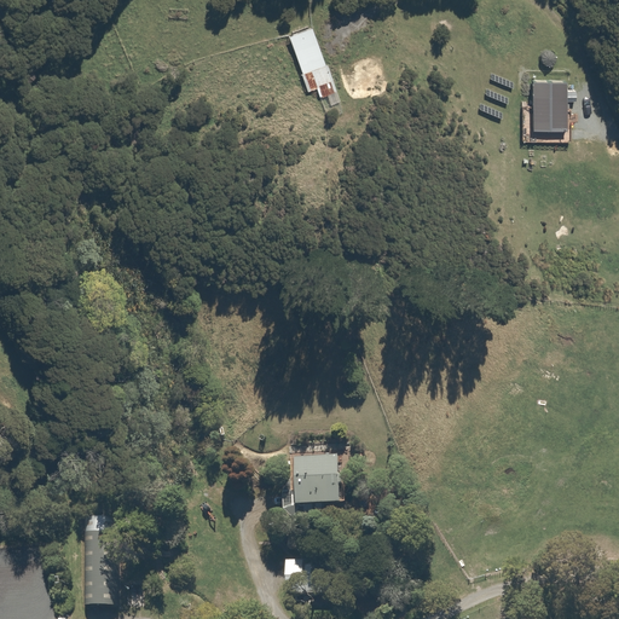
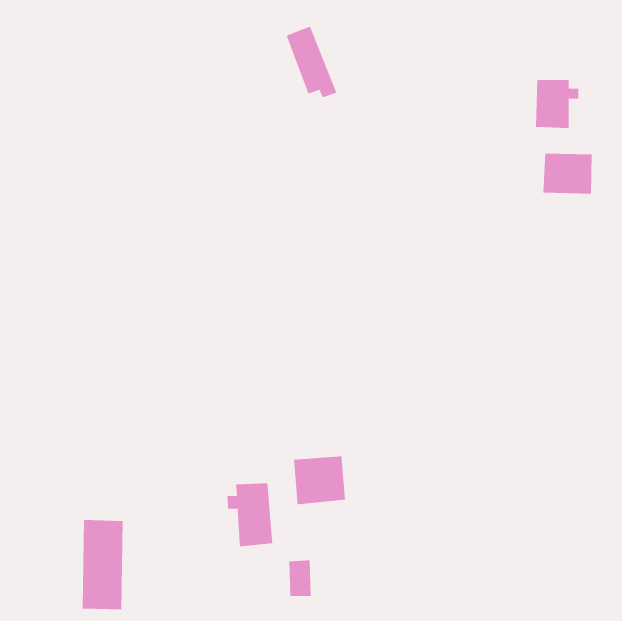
building: none -> [543,153,592,194]
building: none -> [227,482,273,547]

